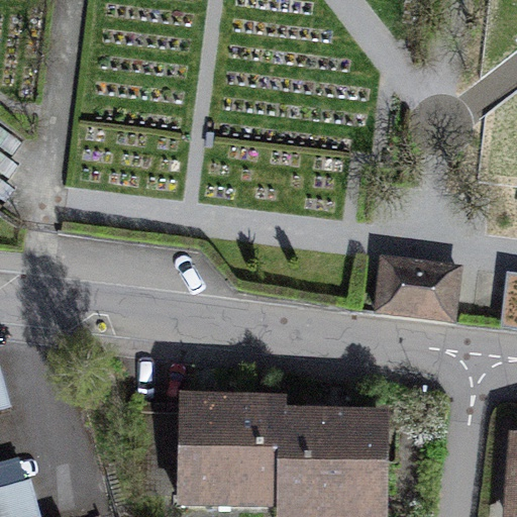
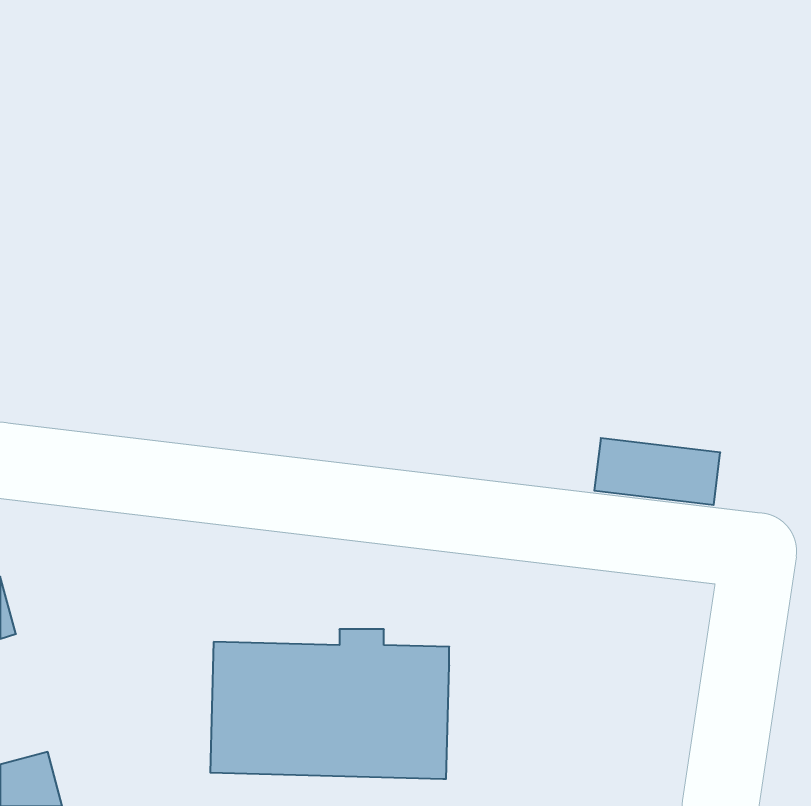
building: [284,413,387,507] -> none

